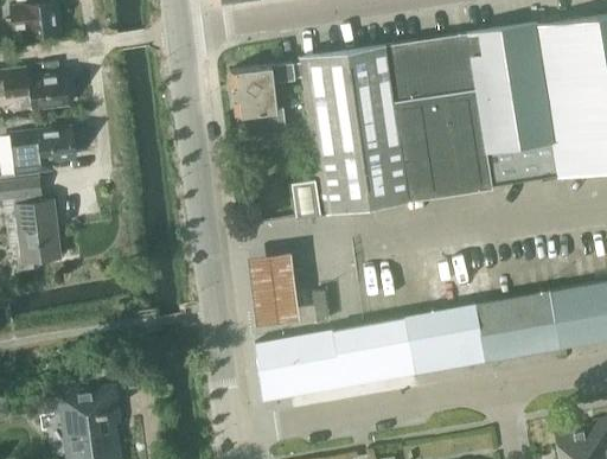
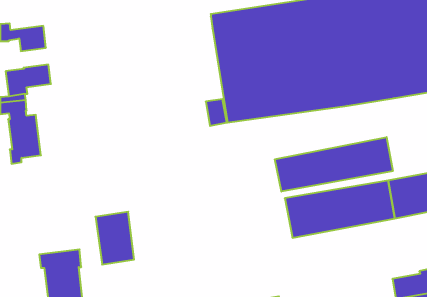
building: [231,62,302,133] -> none
building: none -> [275,137,393,192]
building: [244,251,299,326] -> [95,212,134,265]
building: [256,318,415,401] -> none

